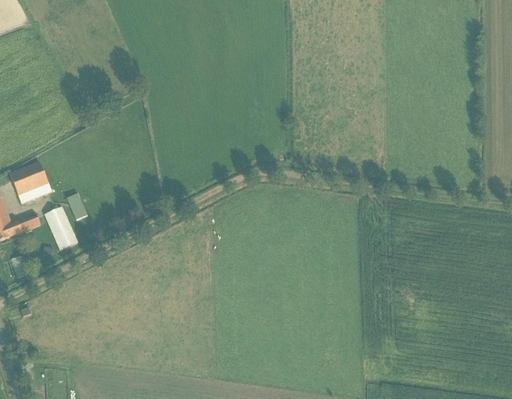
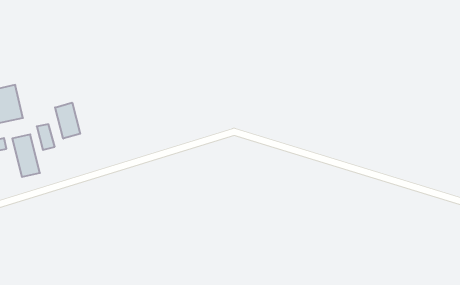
building: none -> [55,103,80,139]

